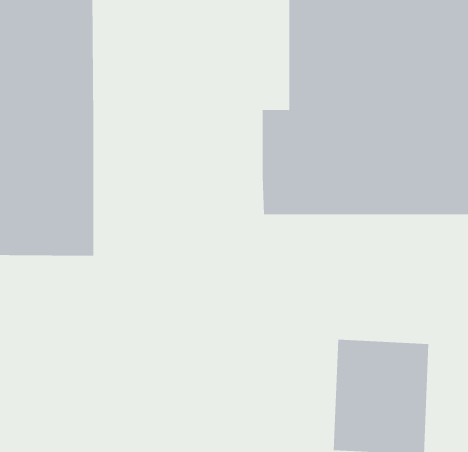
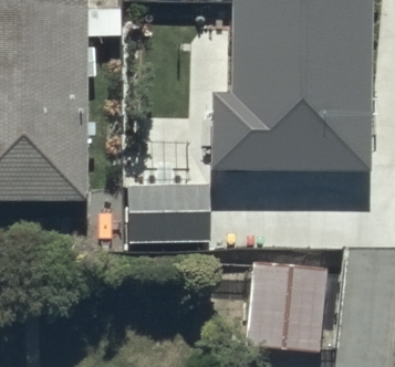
building: none -> [131,141,211,240]

